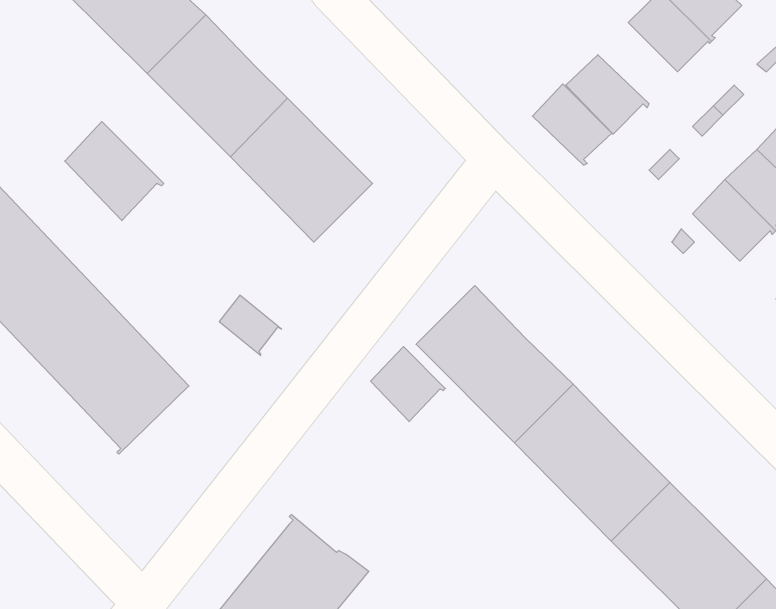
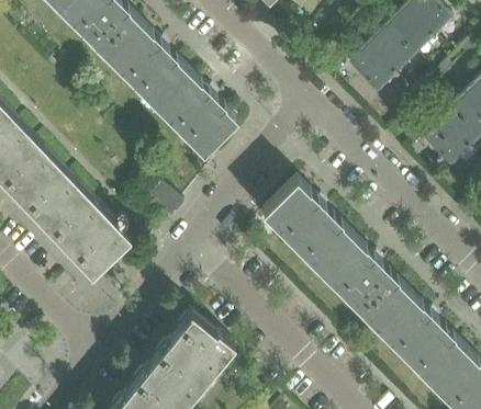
building: [532,84,612,165] -> [367,29,413,76]
building: [65,122,164,221] -> none
building: [371,347,445,422] -> none

